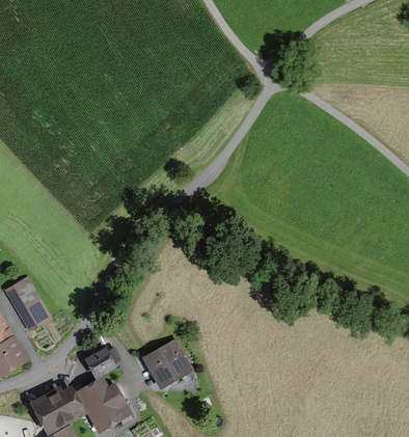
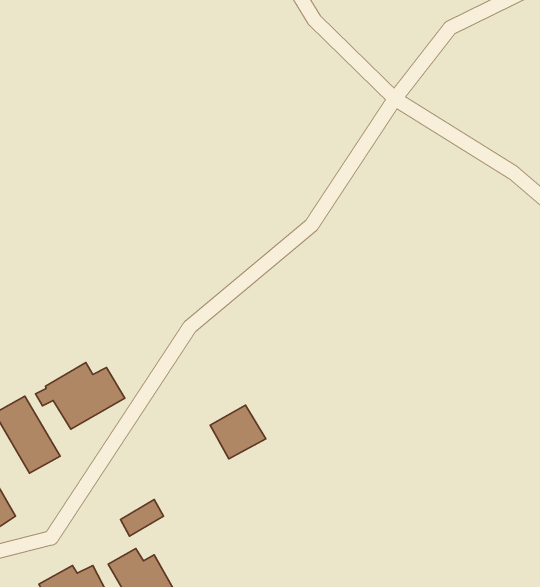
building: none -> [36,362,125,429]
building: [148,344,186,380] -> [210,405,266,459]

